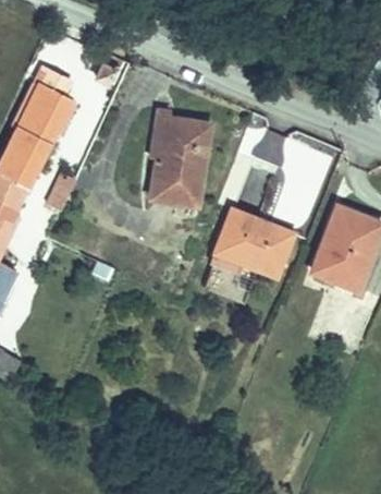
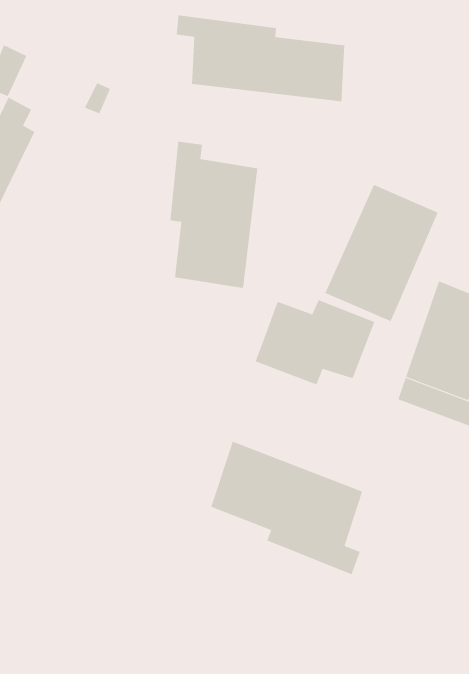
building: none -> [176,15,345,102]
building: none -> [210,441,363,575]

